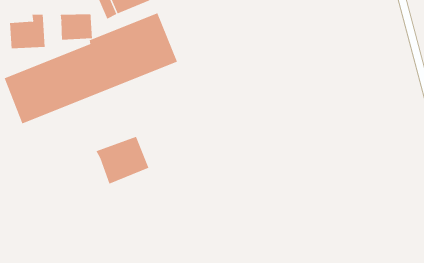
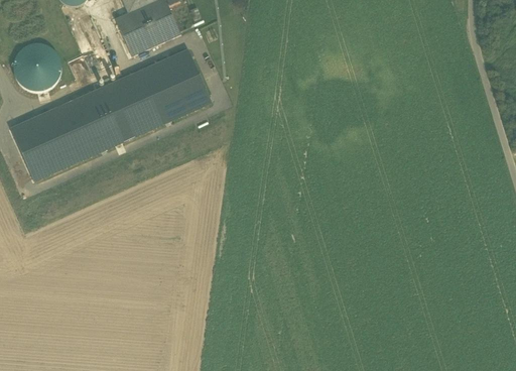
building: [60,12,92,41] -> none
building: [96,135,149,185] -> none

